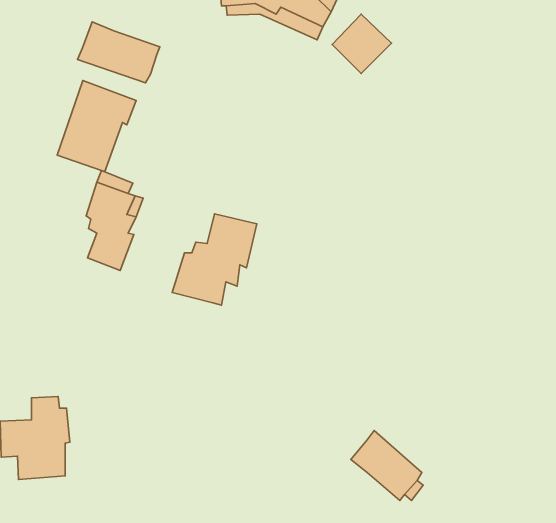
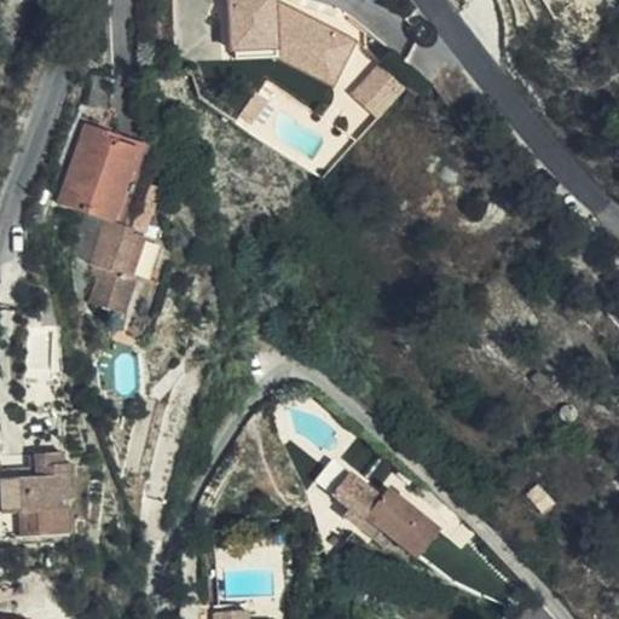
building: [77,22,160,83] -> none
building: [172,214,257,305] -> none
building: none -> [328,467,381,537]

